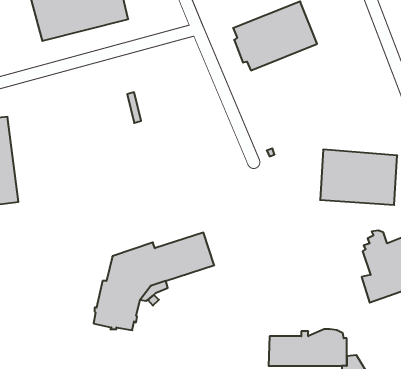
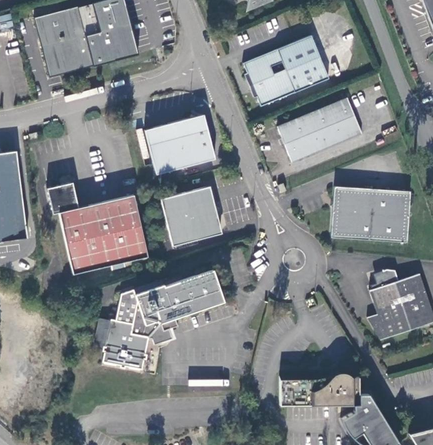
building: none -> [277,97,361,162]
building: none -> [145,114,215,174]
building: none -> [47,182,148,273]
building: none -> [161,189,221,245]

